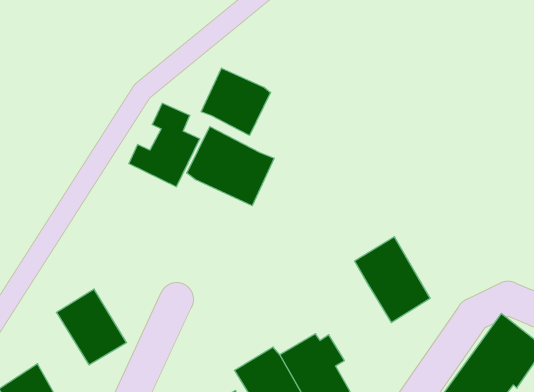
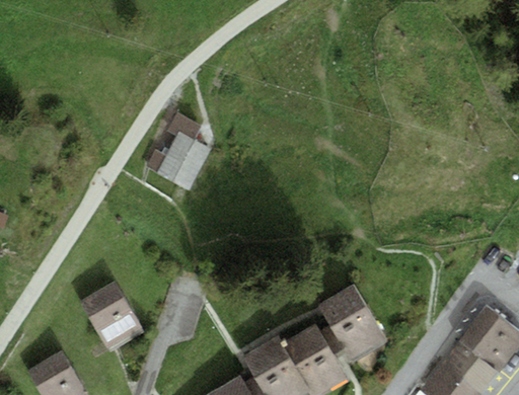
building: [201,68,271,135] -> none
building: [187,127,274,206] -> none
building: [355,237,430,323] -> [316,283,385,361]

